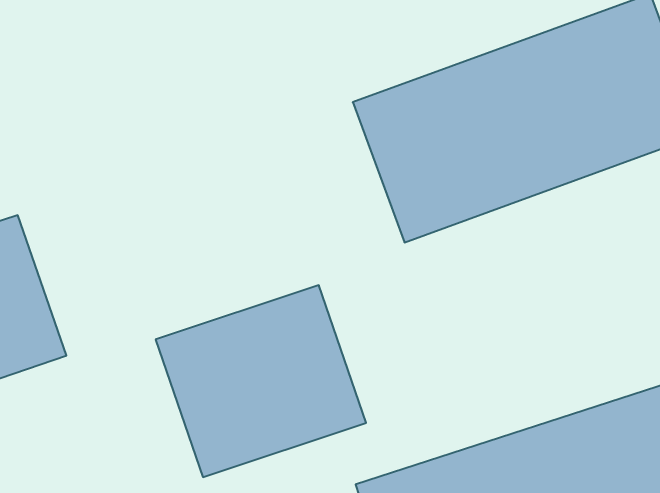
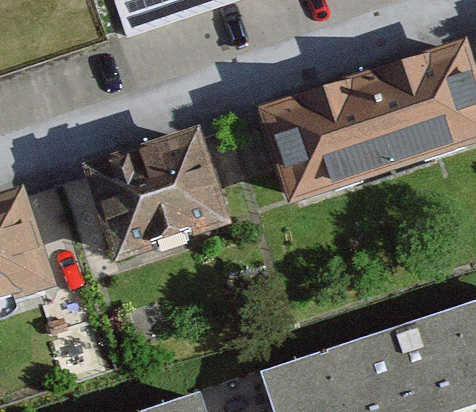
building: [156,285,366,477] -> [77,133,224,267]

